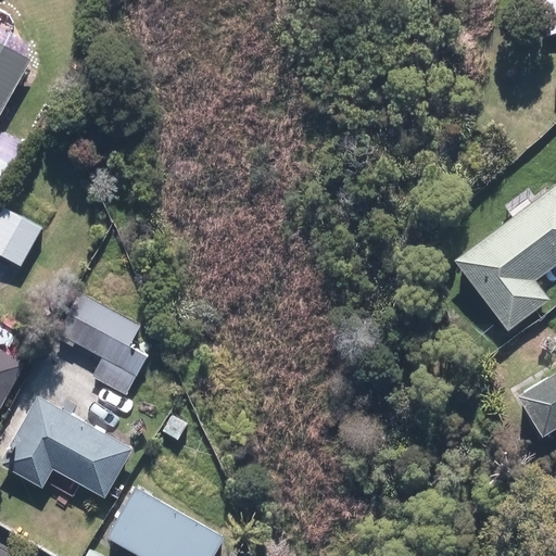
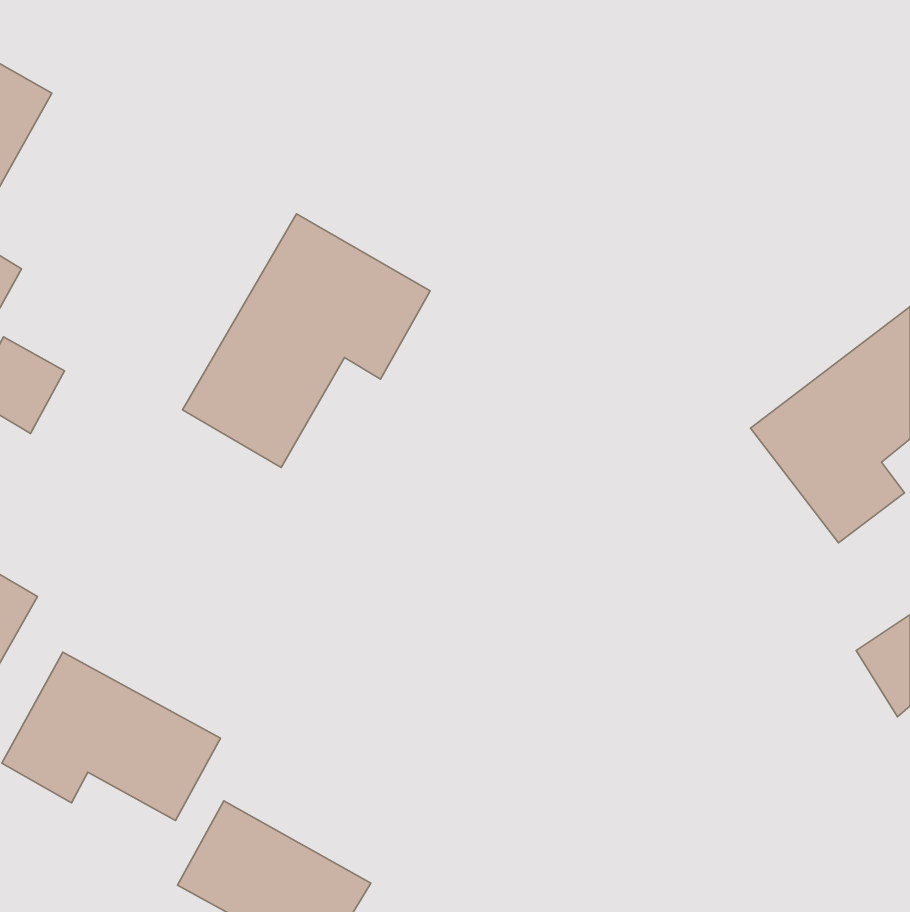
building: none -> [183,214,430,467]
building: [52,291,147,397] -> none

